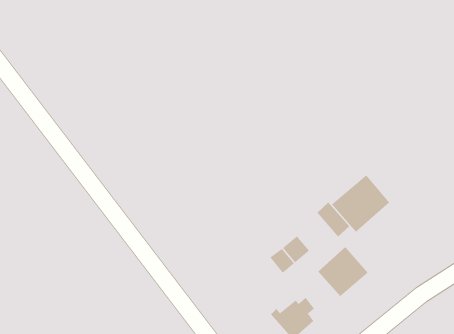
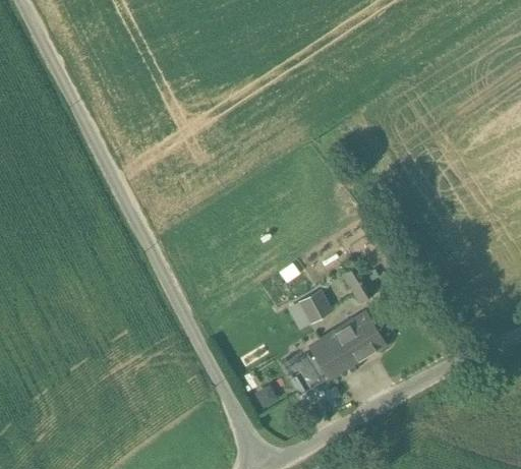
building: [331,175,390,233] -> none
building: none -> [312,333,353,376]

